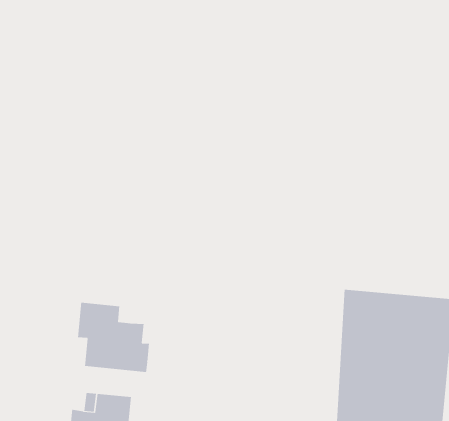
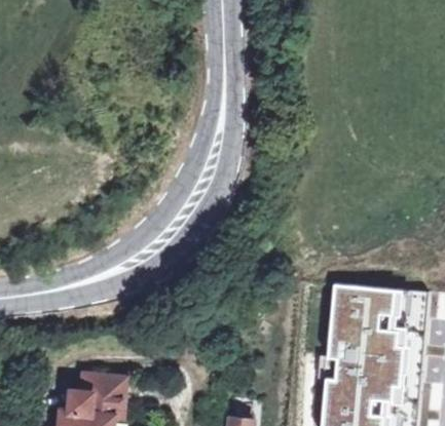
building: [77,302,150,373] -> none

